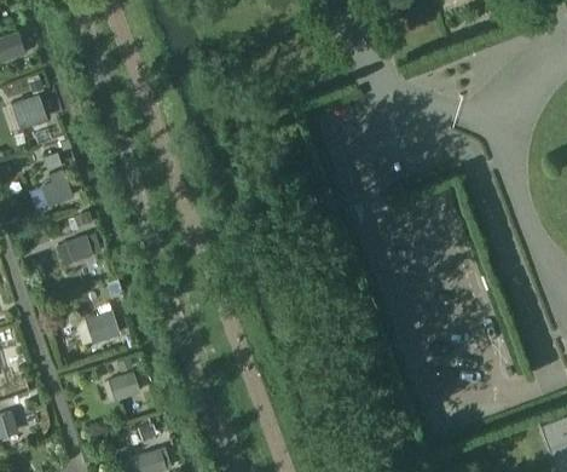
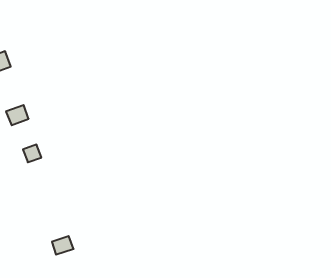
building: [83,309,120,344] -> none

